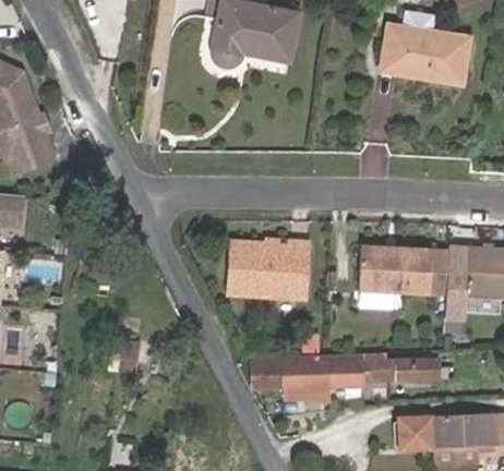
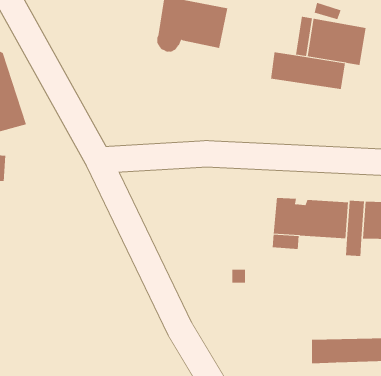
building: none -> [271,51,346,90]
building: [225,247,302,299] -> none
building: [250,359,441,402] -> none

